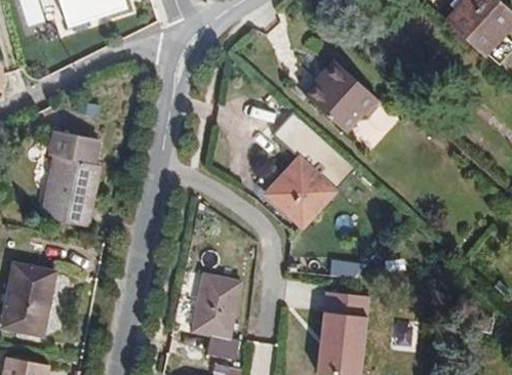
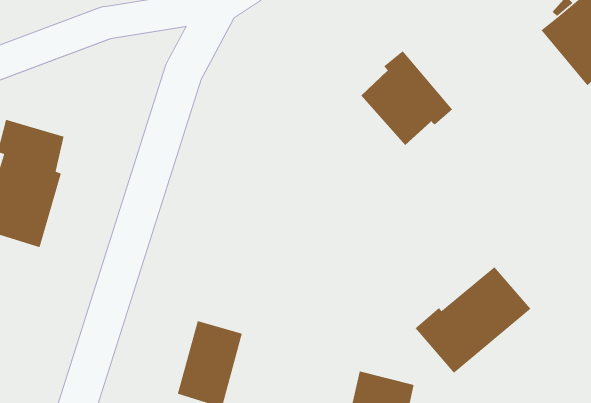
building: [264,141,349,224] -> [415,266,531,374]

